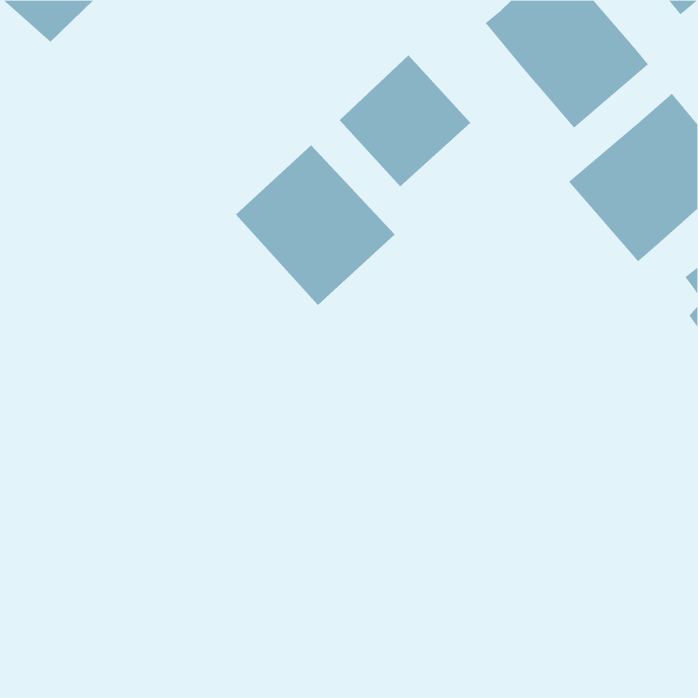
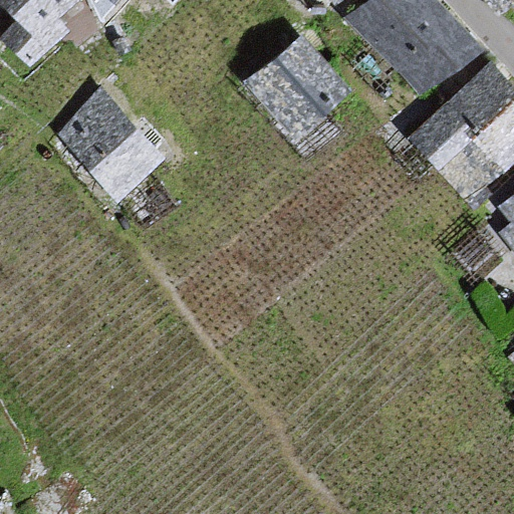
building: none -> [63,93,159,195]
building: [235,144,395,306] -> none

